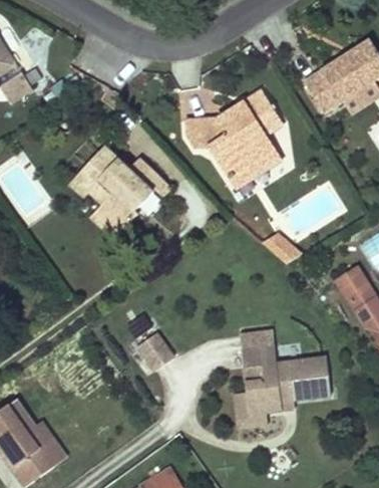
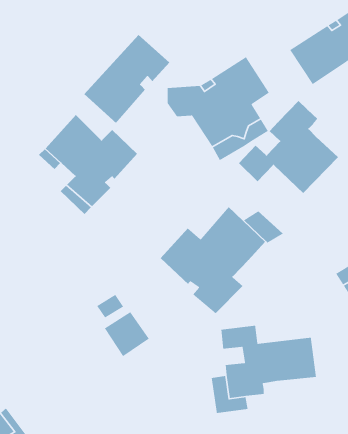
building: none -> [84,34,170,124]
building: none -> [238,100,339,194]
building: none -> [160,206,266,314]

